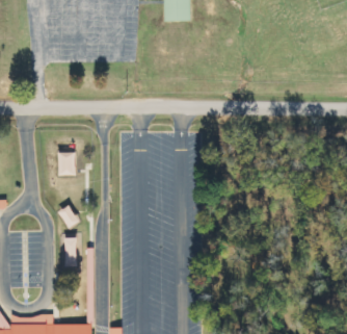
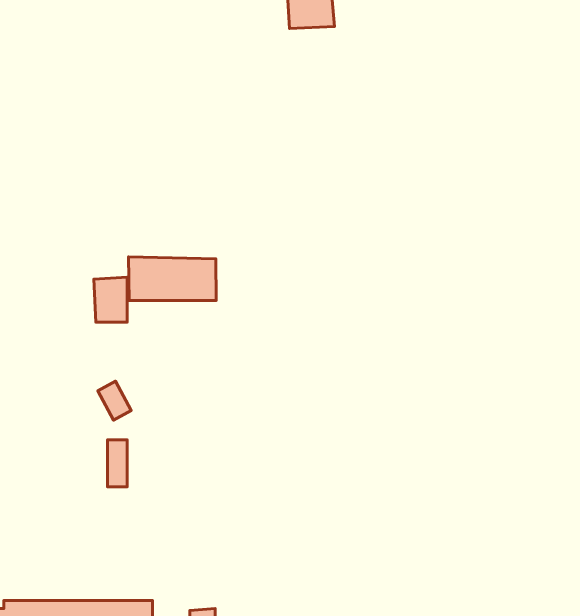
building: none -> [129,257,216,300]

